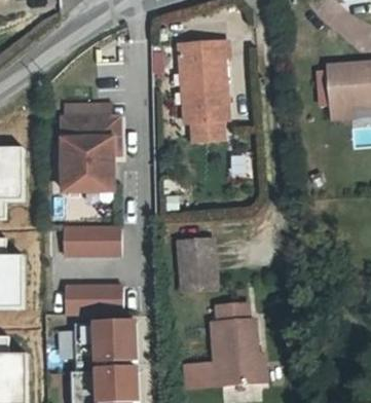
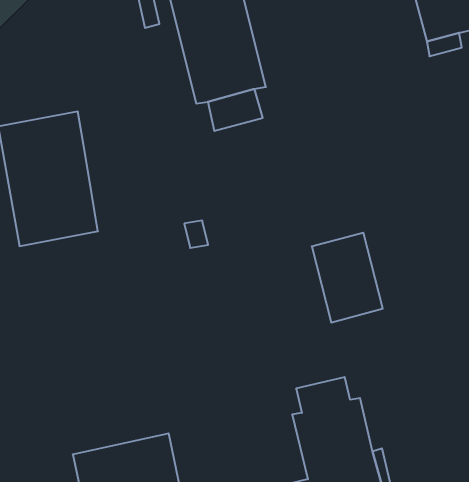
building: [63,225,120,254] -> none
building: [179,237,216,289] -> [312,233,383,322]
building: [65,284,122,313] -> none

